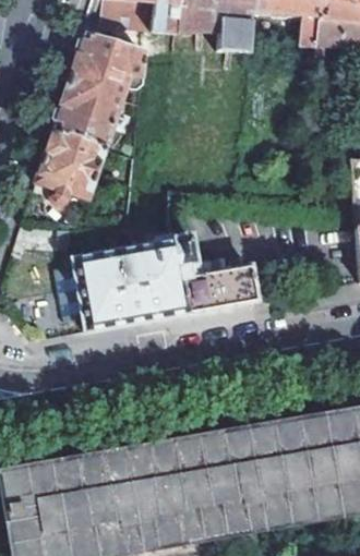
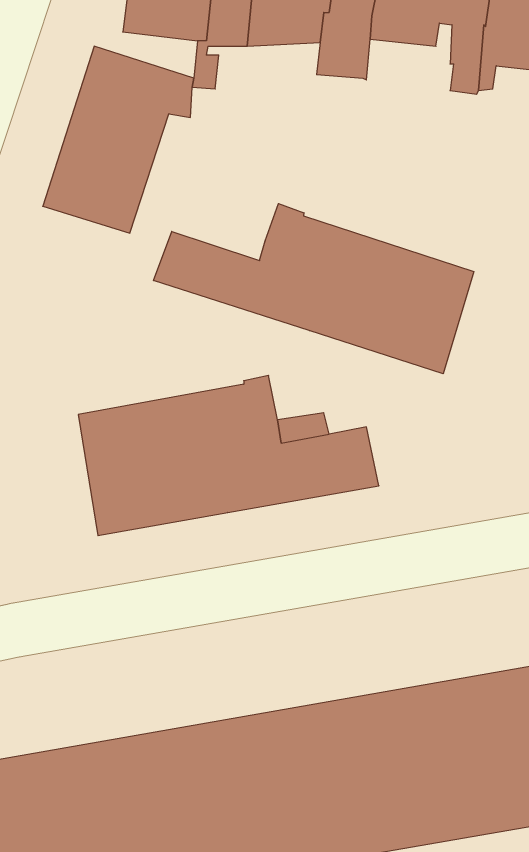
building: none -> [154,204,474,374]
building: [35,129,105,203] -> none

